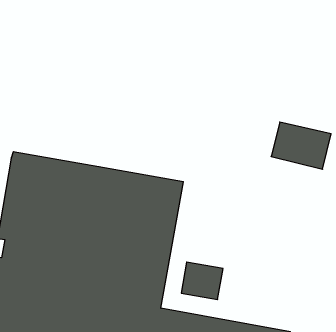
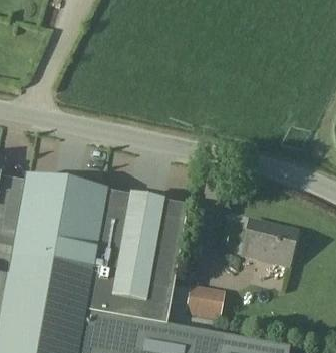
building: [271,122,331,169] -> [240,216,296,260]

